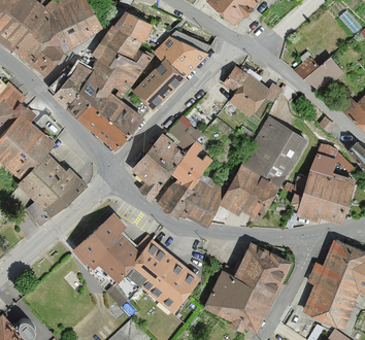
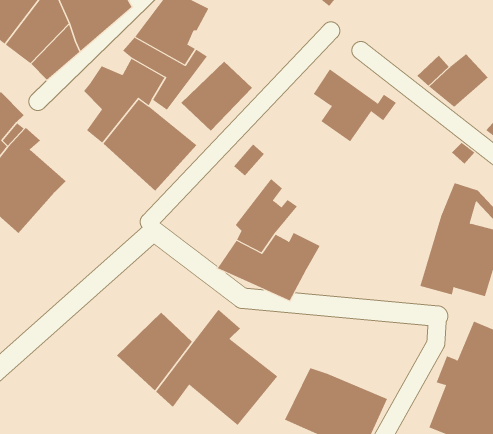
building: [154,31,209,79] -> none
building: [49,71,78,108] -> none
building: [220,116,307,219] -> none
building: [132,133,195,199] -> none
building: [18,151,87,225] -> none
building: [73,212,126,263] -> none
building: [234,243,290,293] -> none

